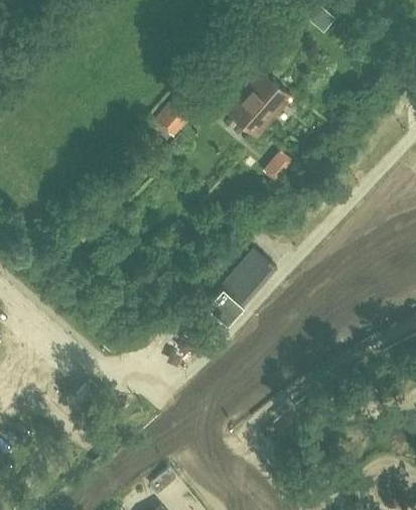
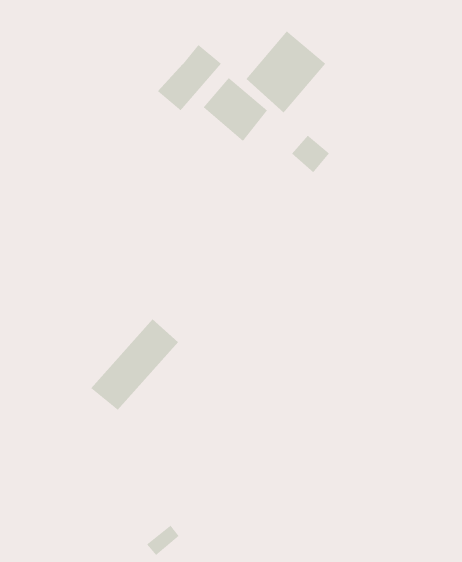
building: none -> [203,77,268,142]
building: [203,250,275,325] -> [91,319,179,411]

